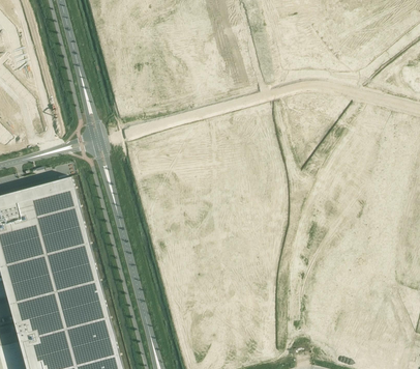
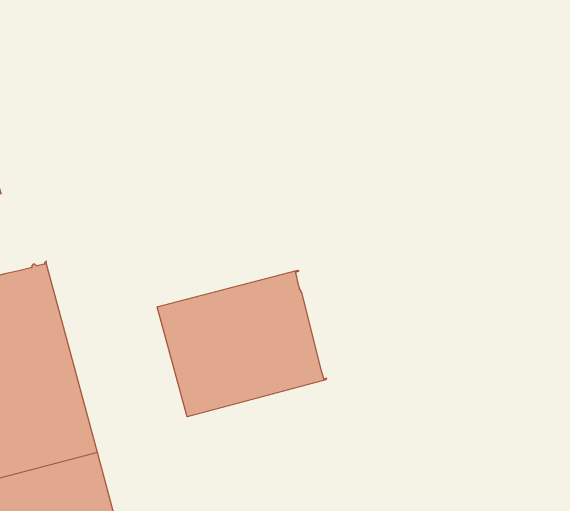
building: none -> [157,270,326,417]

